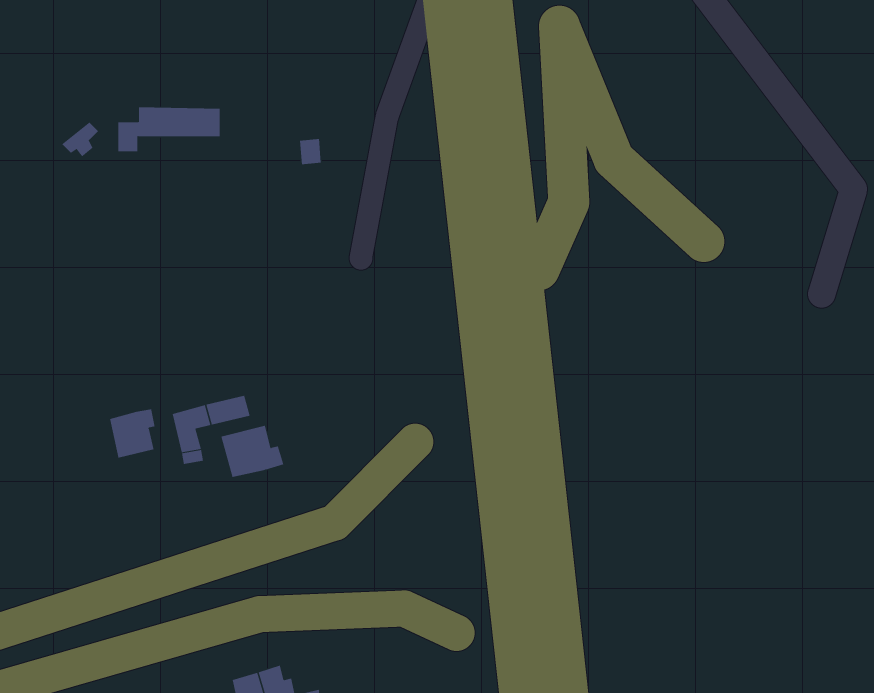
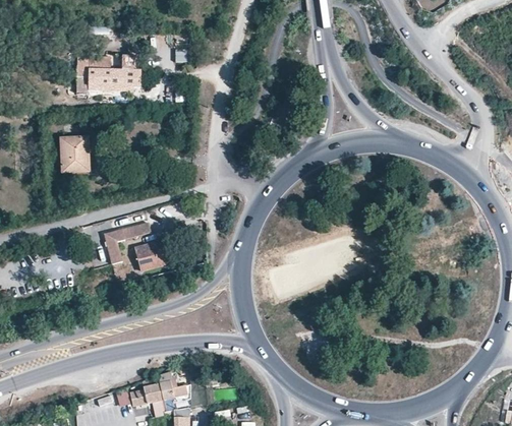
building: none -> [60,136,88,172]
building: [109,408,155,458] -> none

